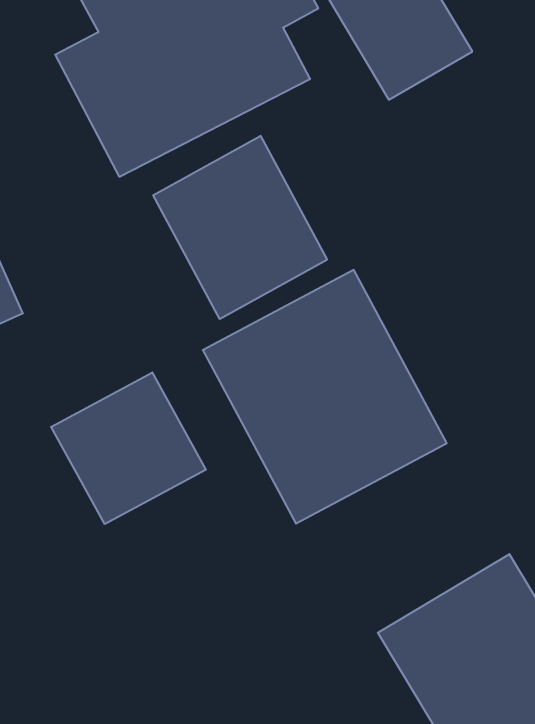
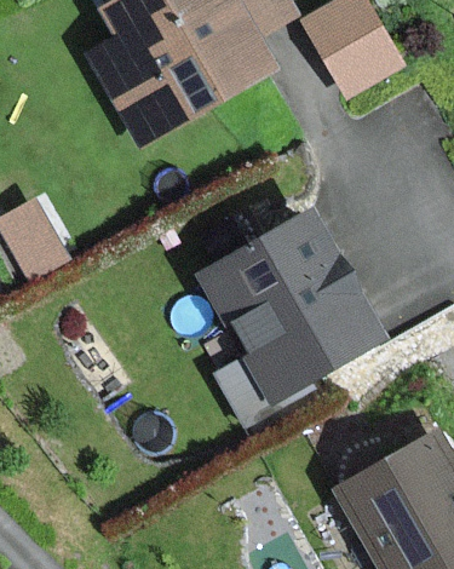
building: [153,136,327,319] -> none
building: [51,372,206,524] -> none

